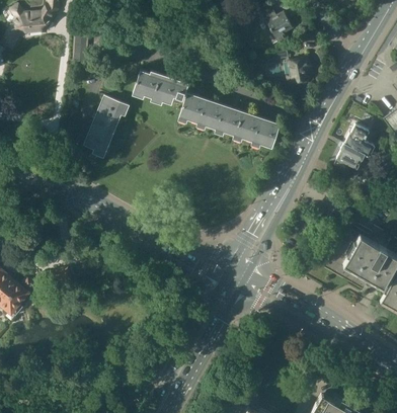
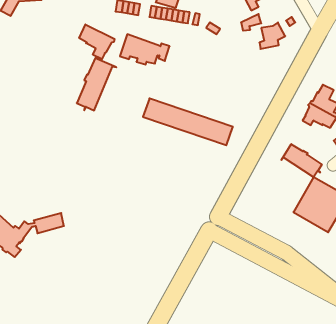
building: none -> [79,24,115,59]
building: [179,95,279,147] -> [143,98,233,145]
building: none -> [281,144,322,177]

